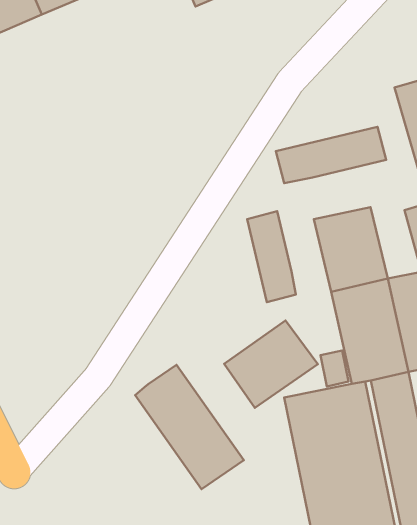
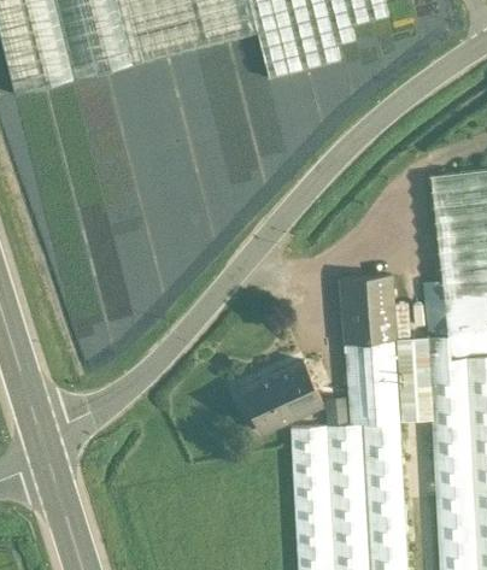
building: [276,127,386,183] -> none
building: [247,211,296,302] -> none
building: [135,365,244,489] -> none

